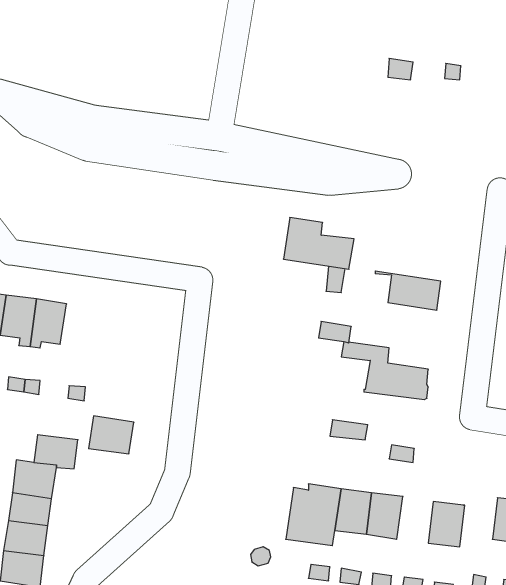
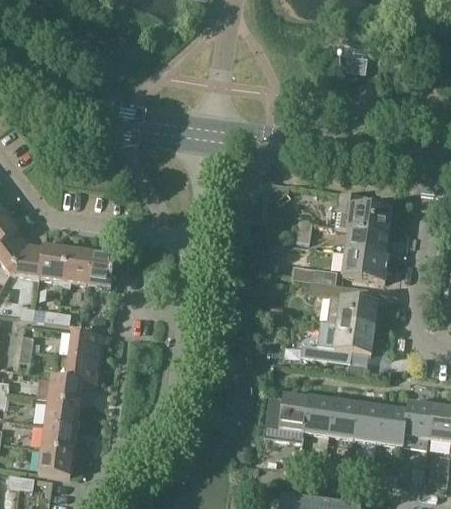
building: [283,218,354,269] -> [335,191,391,232]
building: none -> [341,249,387,280]
building: none -> [85,250,114,290]
building: none -> [325,320,374,352]
building: [89,416,134,454] -> [67,328,103,358]
building: none -> [402,396,432,449]
building: none -> [352,403,381,440]

